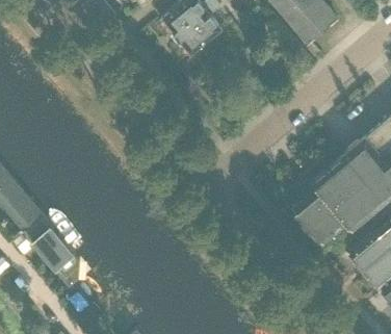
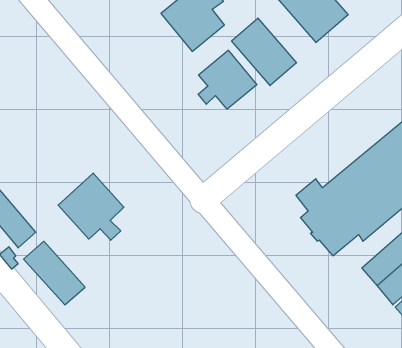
building: none -> [232,18,296,86]
building: none -> [198,50,257,109]
building: none -> [58,173,124,240]

